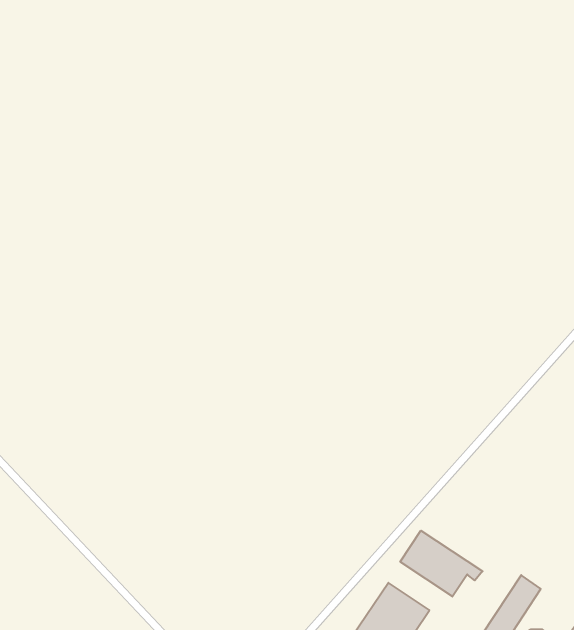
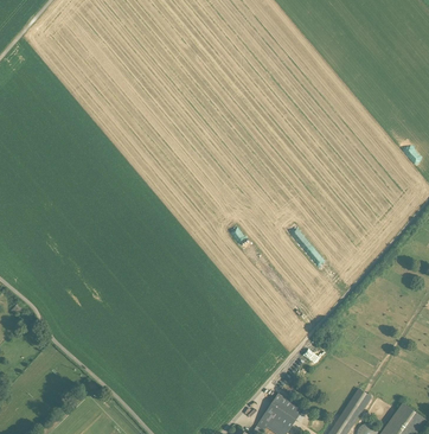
building: [400,531,483,597] -> none

